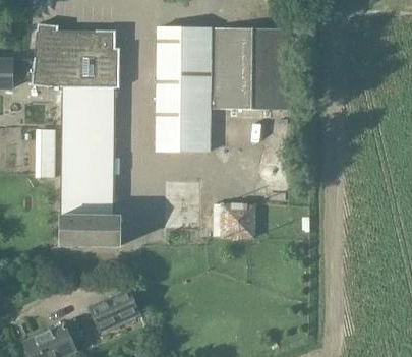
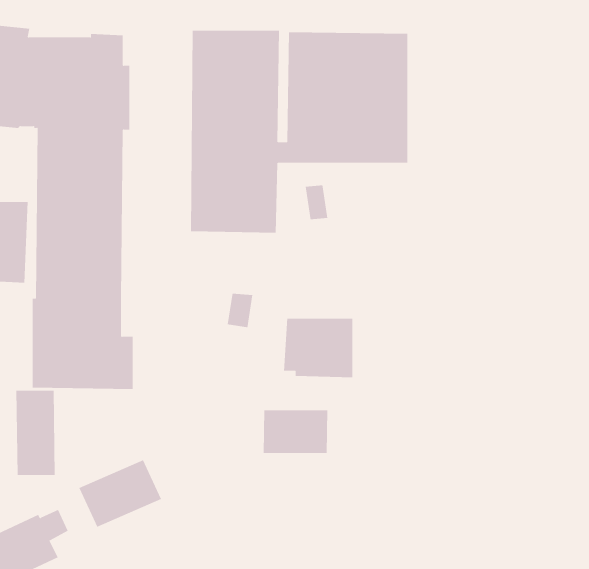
building: none -> [16,390,55,476]
building: none -> [263,410,328,454]

